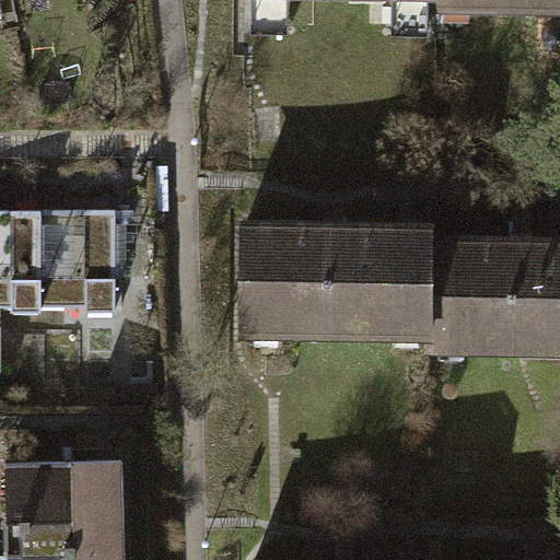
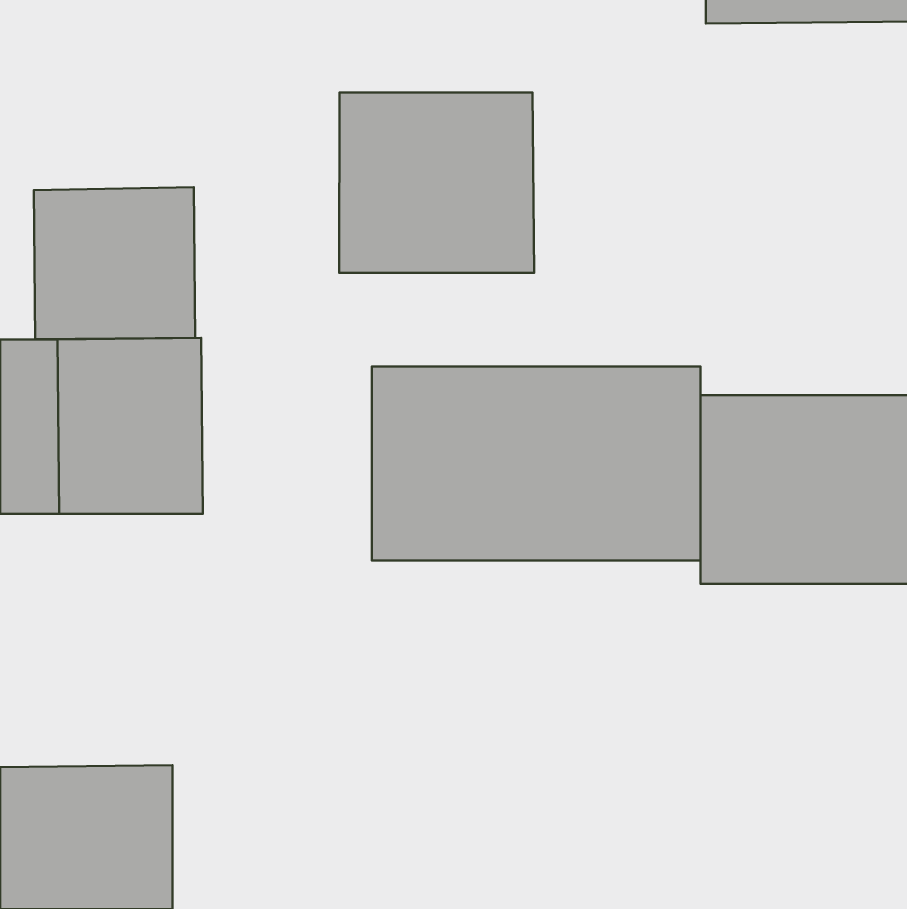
building: none -> [339,92,534,273]
building: none -> [34,187,195,339]

